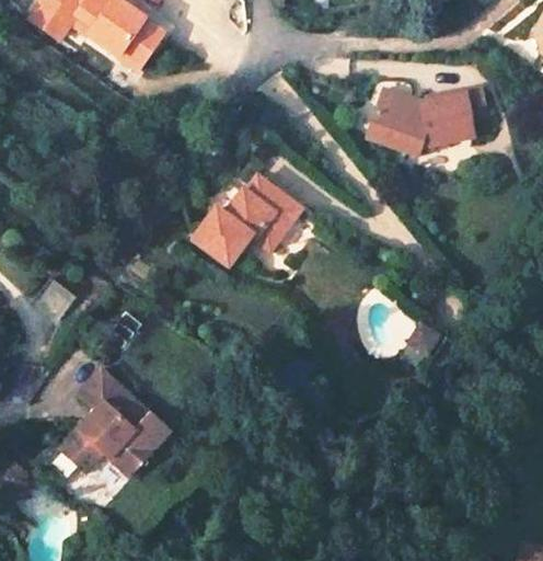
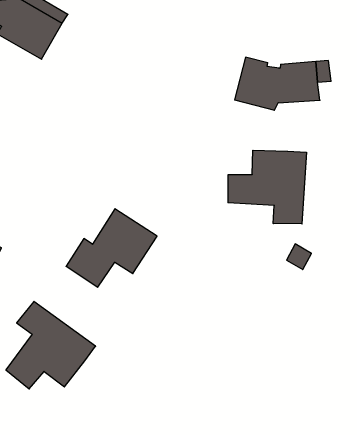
building: [192,171,304,264] -> [66,209,157,287]
building: none -> [228,150,306,224]

